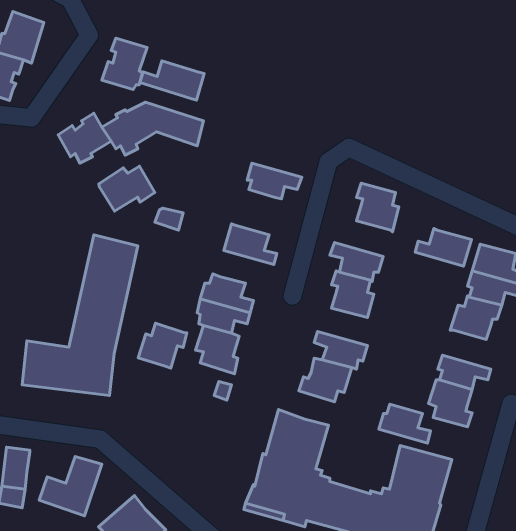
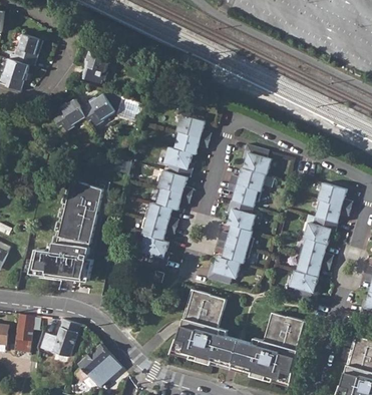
building: [140,61,204,100] -> none
building: none -> [176,113,211,139]
building: [99,166,155,211] -> none
building: none -> [164,146,192,176]
building: [415,229,471,266] -> [230,166,266,190]
building: none -> [156,187,191,210]
building: none -> [219,225,254,248]
building: [138,323,187,368] -> none
building: [379,404,430,443] -> [299,238,332,263]

